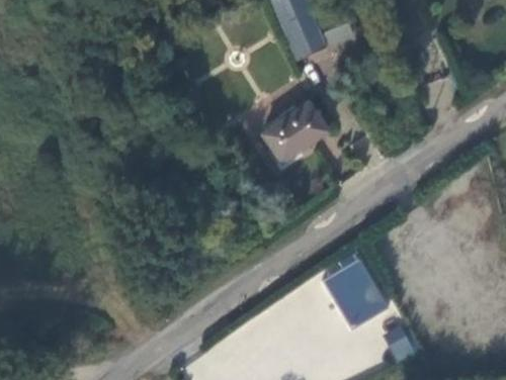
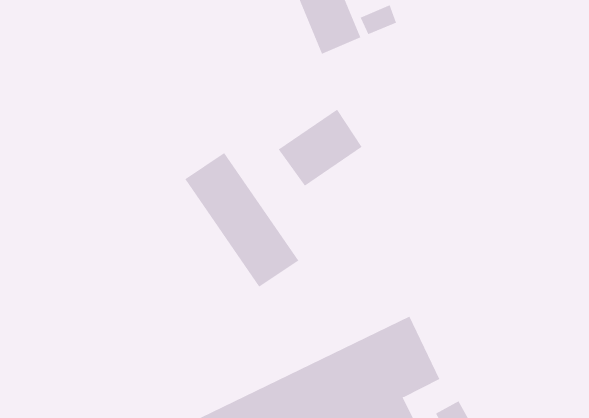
building: none -> [184,152,299,287]

